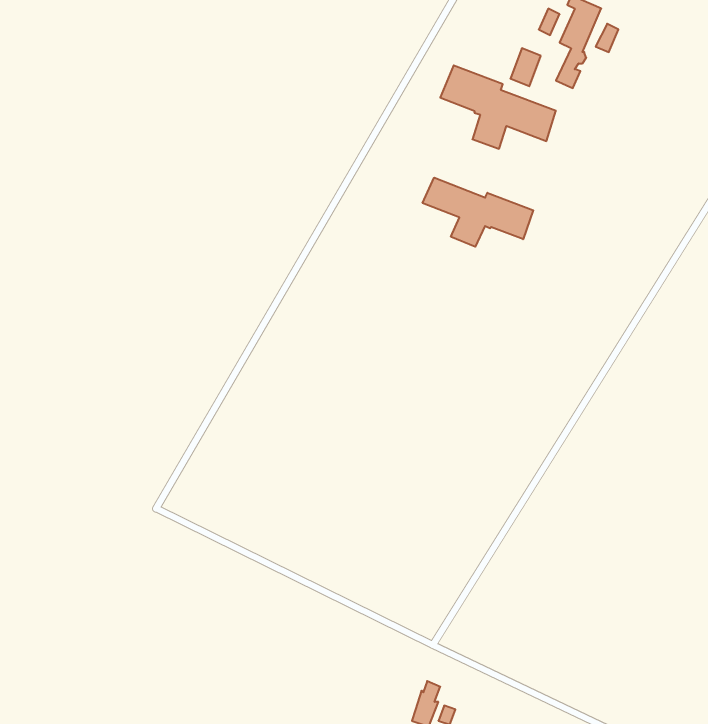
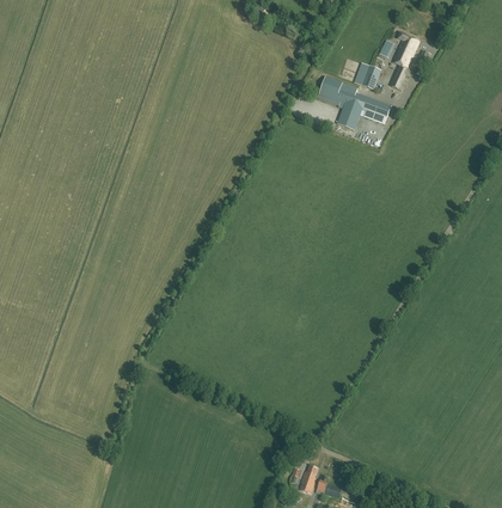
building: [423,178,533,247] -> none

